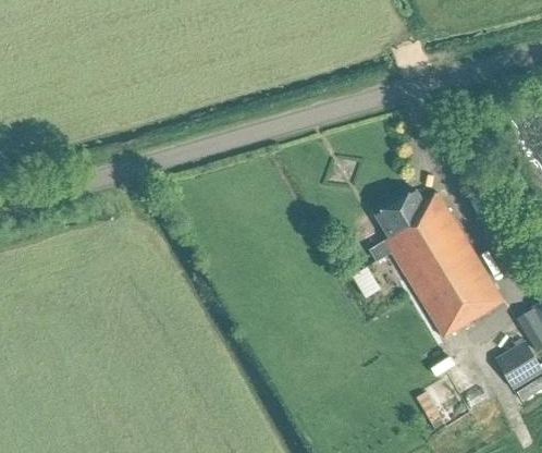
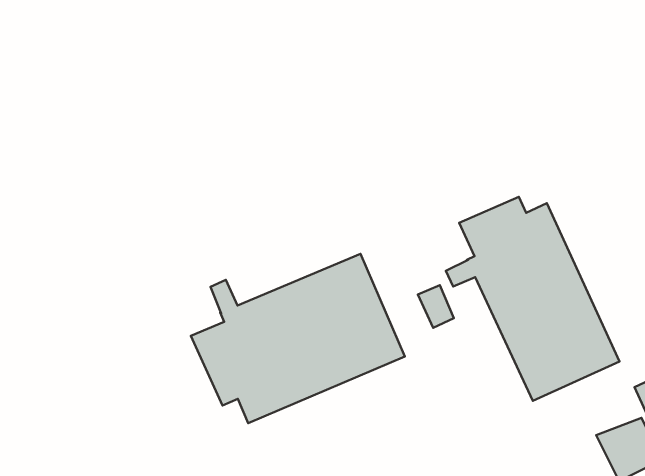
building: none -> [191,254,405,423]

